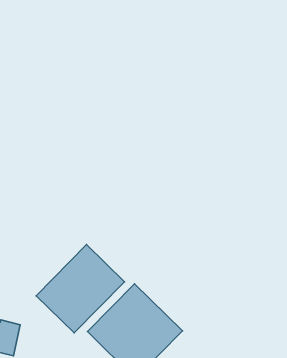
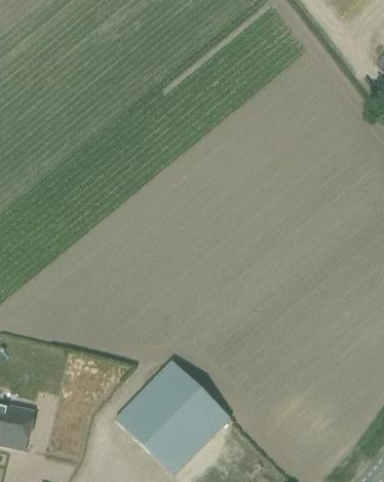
building: [36,245,124,333] -> none

